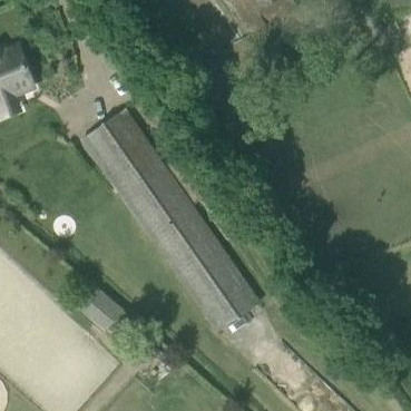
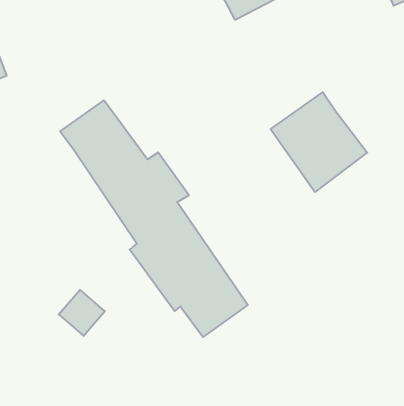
building: none -> [271,92,367,192]

